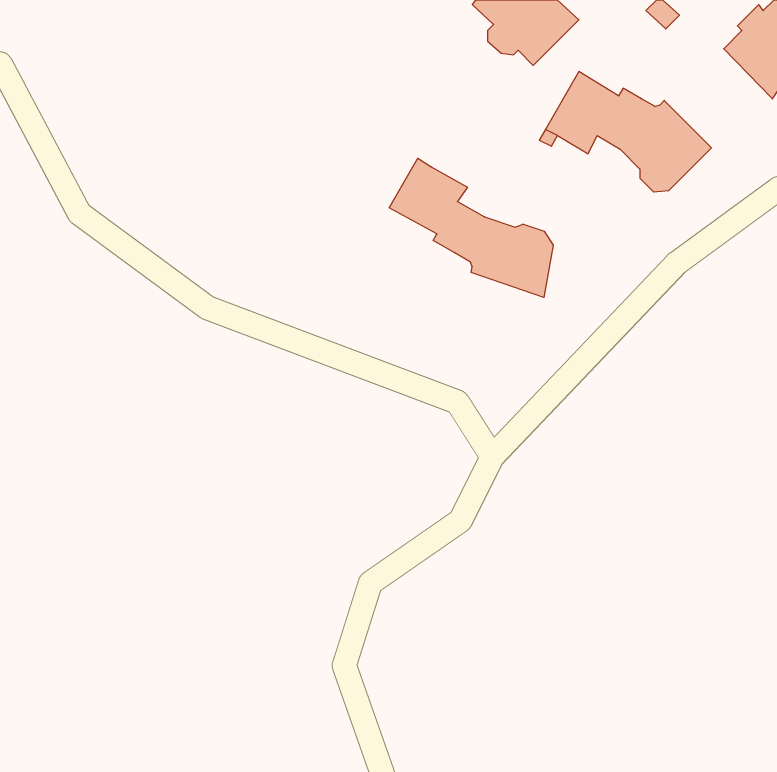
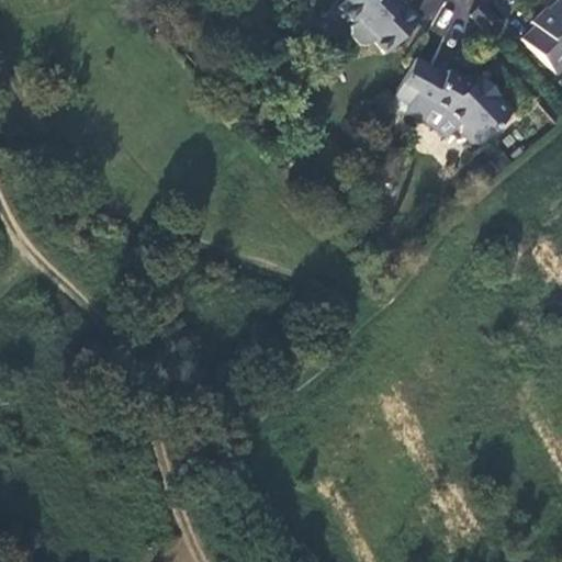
building: [389,158,553,297] -> none

